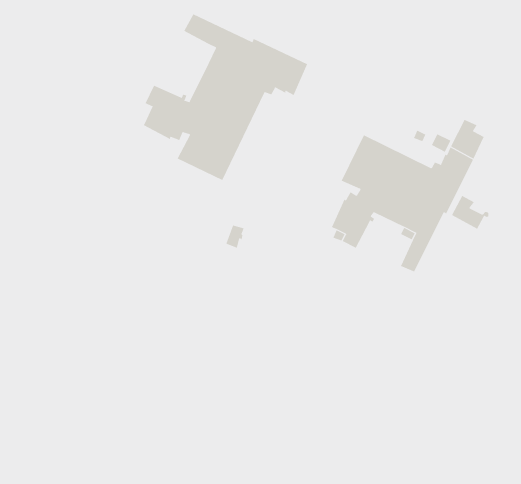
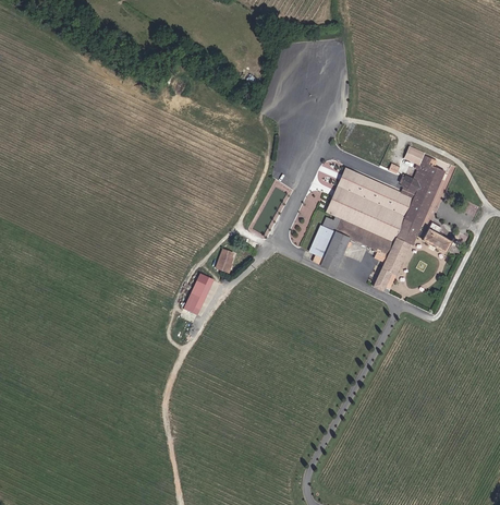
building: [143,14,308,181] -> none
building: none -> [183,274,215,314]

